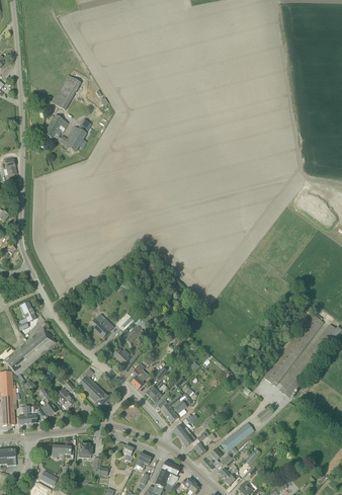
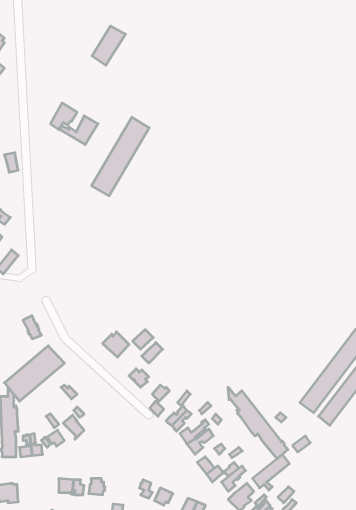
building: [51,75,80,109] -> [92,26,126,65]
building: none -> [92,117,149,196]
building: none -> [228,387,288,459]
building: [79,368,111,407] -> none

